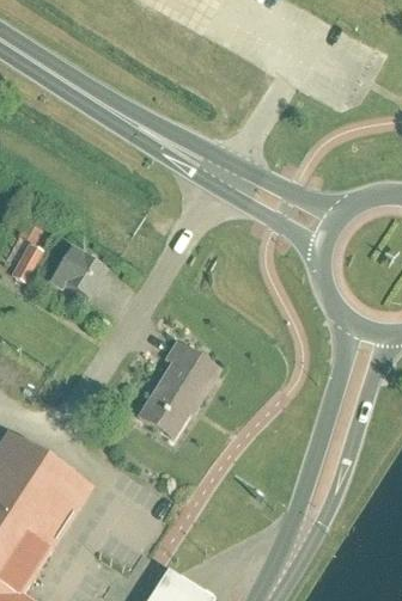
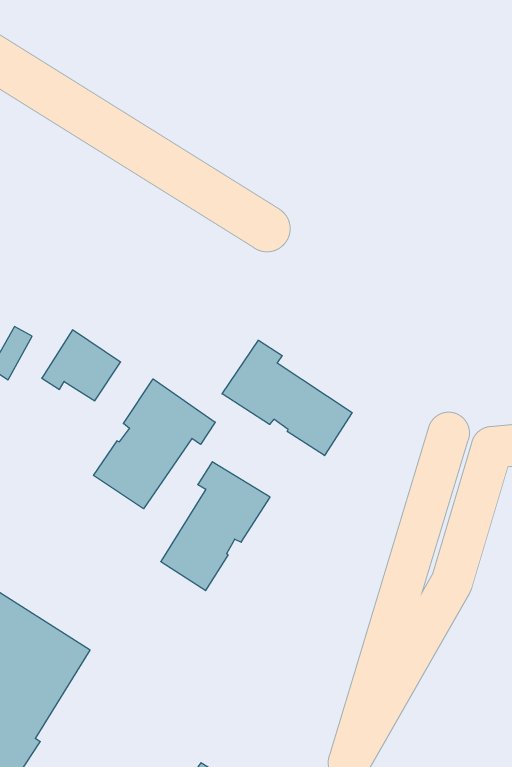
building: none -> [222,340,352,456]
building: none -> [94,379,215,509]

